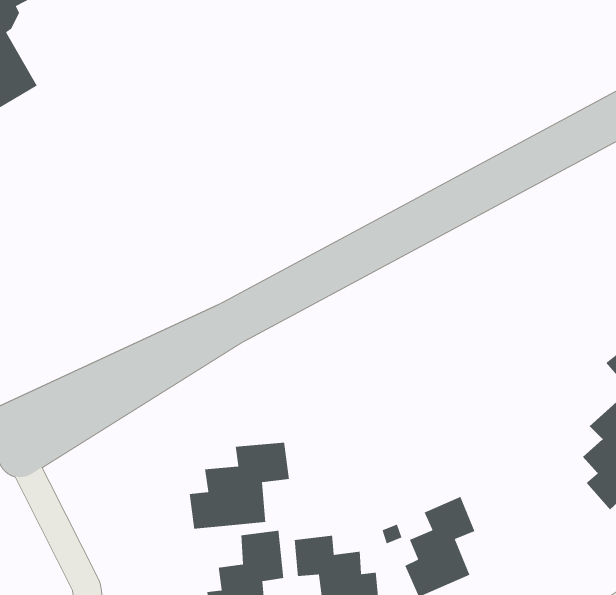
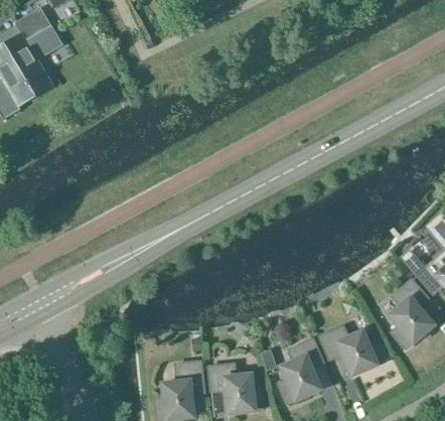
building: [189,442,290,530] -> none
building: none -> [320,327,385,376]

